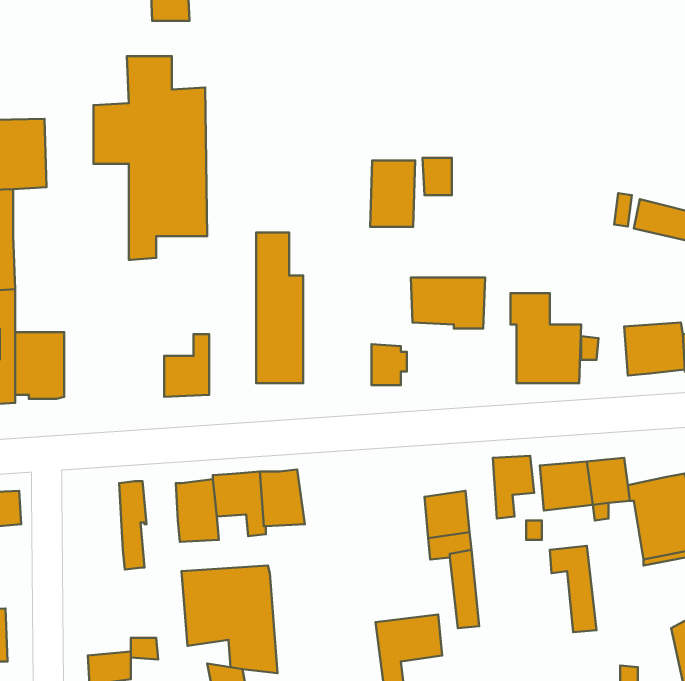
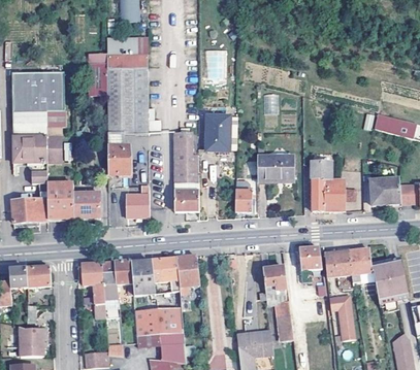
building: [370,160,415,227] -> [203,114,227,149]
building: none -> [46,107,65,162]
building: none -> [108,144,130,173]
building: none -> [73,193,101,217]
building: none -> [115,261,133,295]
building: none -> [82,263,106,318]

